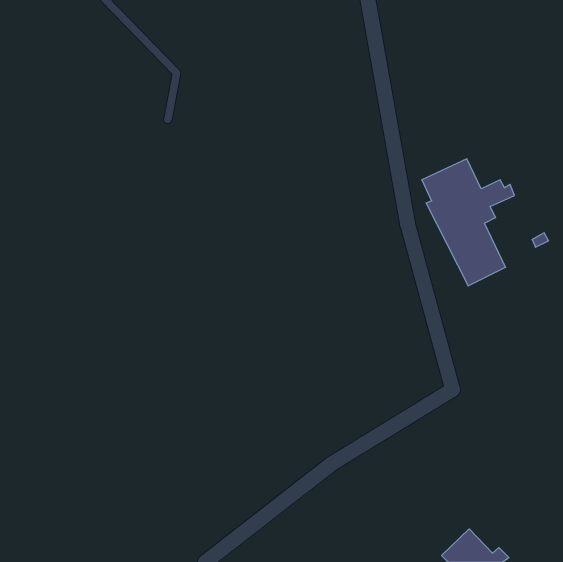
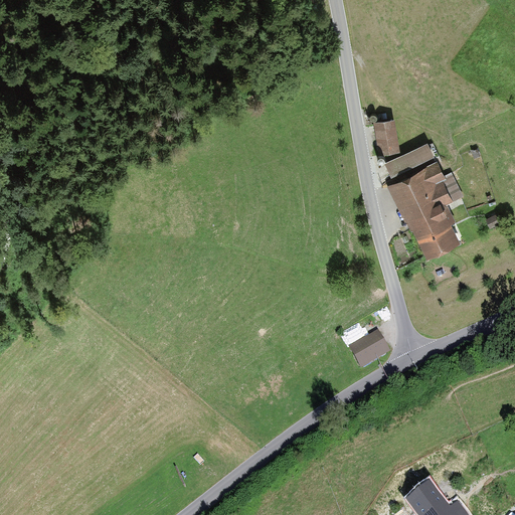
building: none -> [373,120,398,154]
building: none -> [347,329,386,366]

